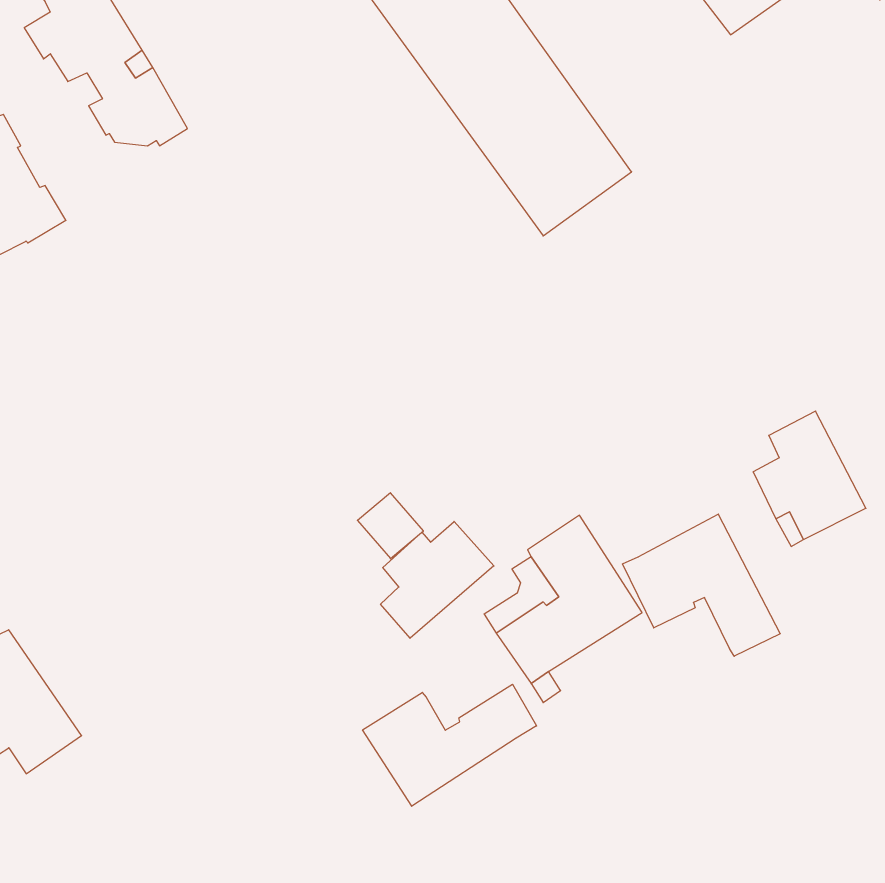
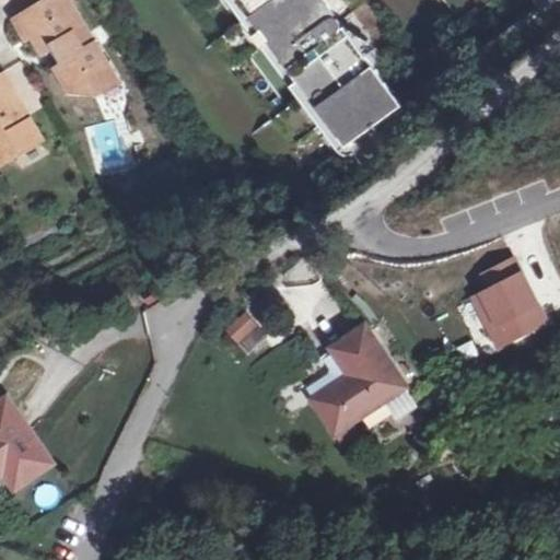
building: [622,514,780,656] -> none
building: [381,521,494,638] -> none
building: [363,684,537,806] -> none

